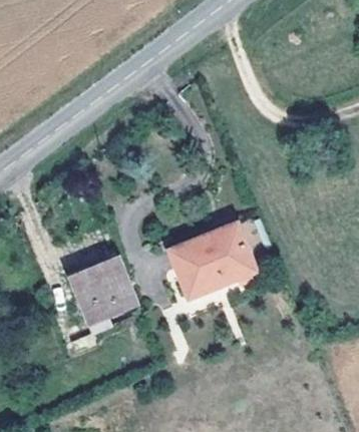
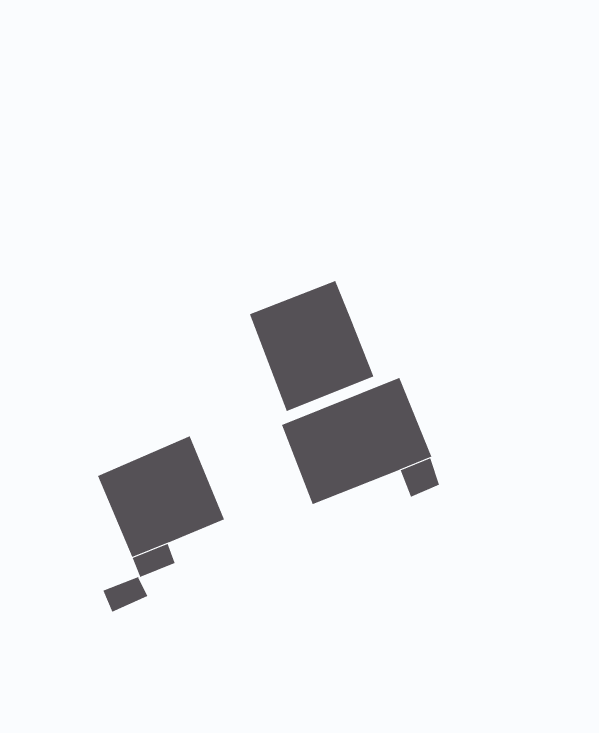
building: none -> [249,280,374,412]

